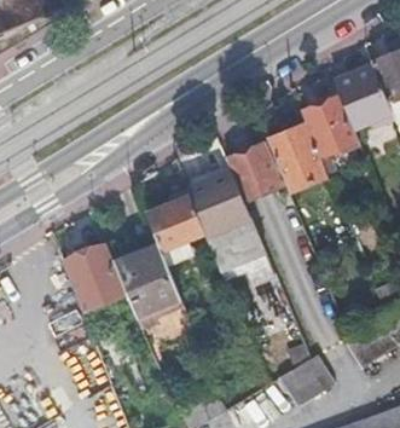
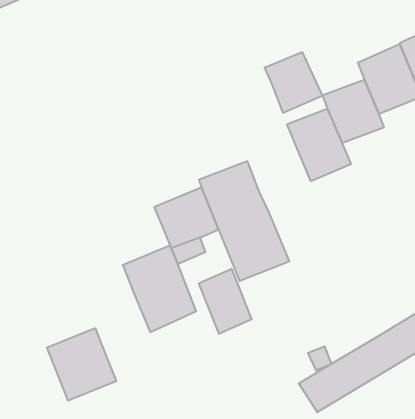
building: [226,145,279,201] -> [265,52,322,113]
building: [63,244,127,311] -> [47,328,116,400]
building: none -> [199,269,252,334]

